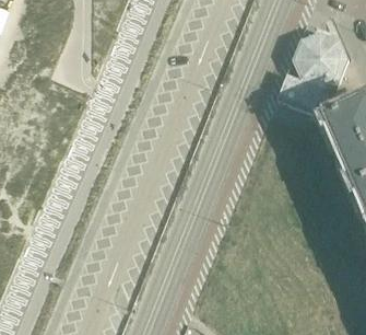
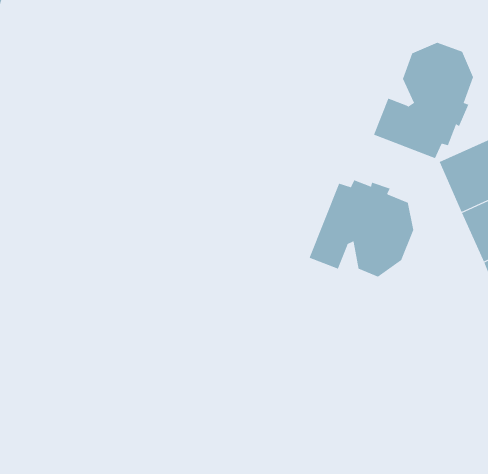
building: none -> [309,179,414,277]

